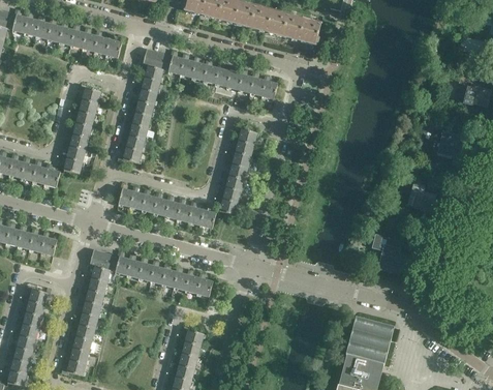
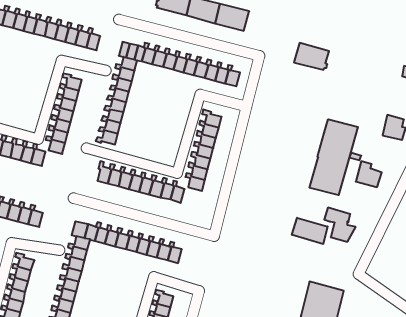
building: [282,14,321,44] -> [294,43,329,70]
building: none -> [310,119,358,195]
building: none -> [292,218,328,244]

